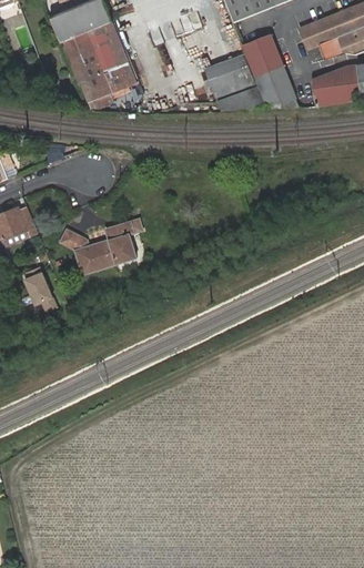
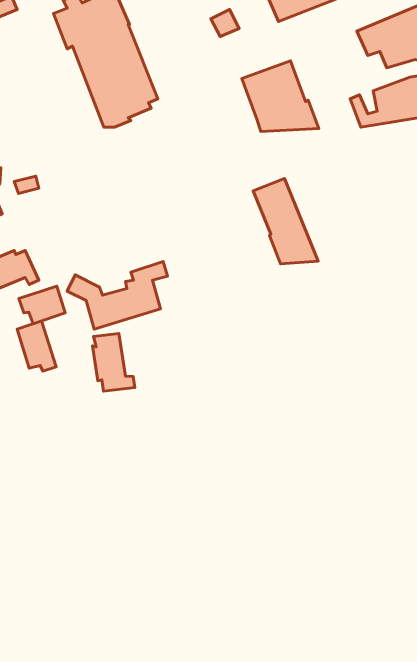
building: [245,38,299,108] -> [253,179,318,264]
building: none -> [19,286,65,324]
building: none -> [92,333,135,391]

